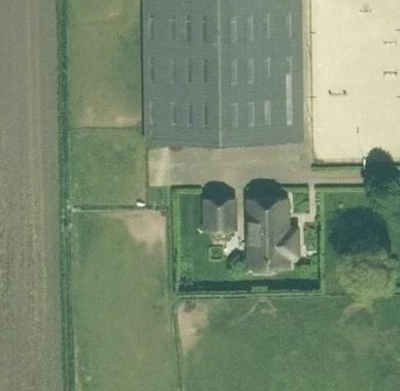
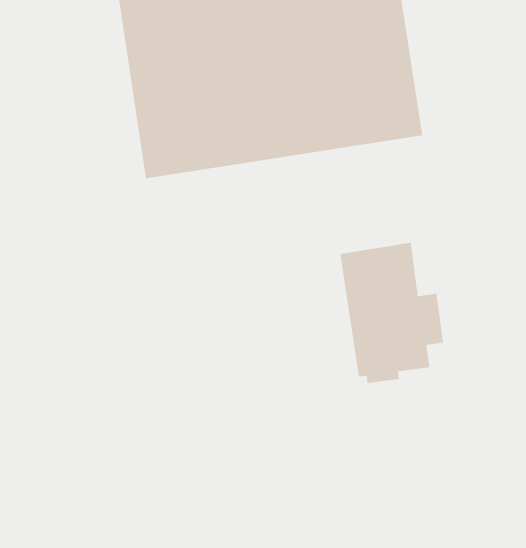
building: [204,199,235,231] -> none

